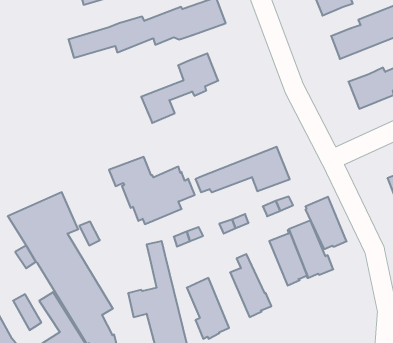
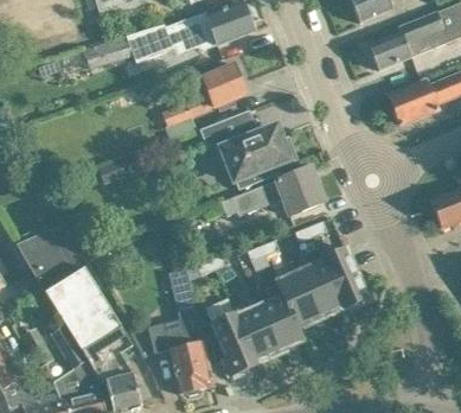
building: [109,157,195,224] -> [199,116,293,190]
building: [305,197,347,249] -> [276,269,321,326]
building: none -> [235,304,280,364]

